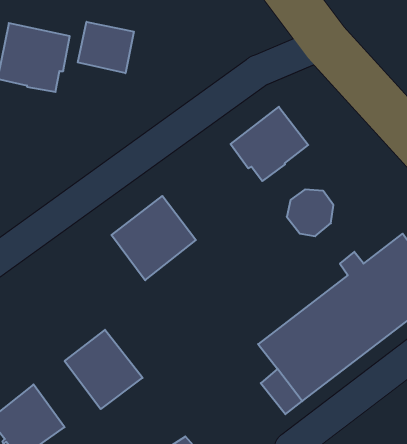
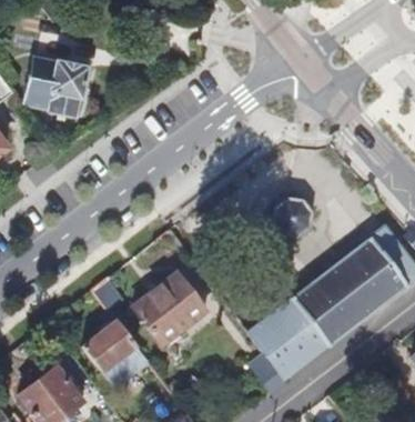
building: [78,22,134,73] -> none
building: [231,107,308,181] -> none
building: [111,196,196,280] -> [133,272,205,344]

